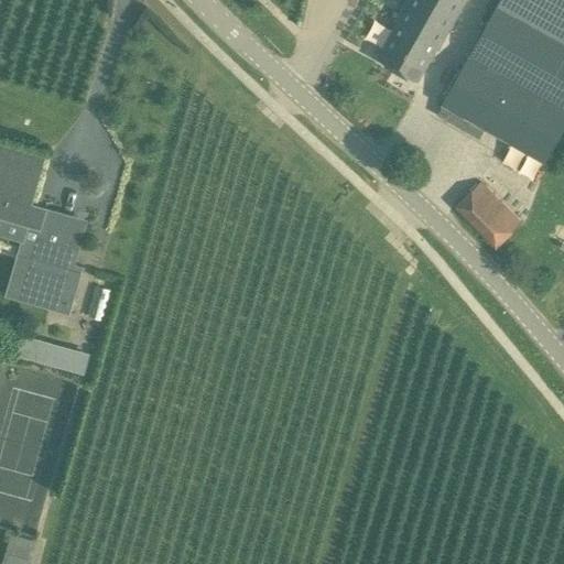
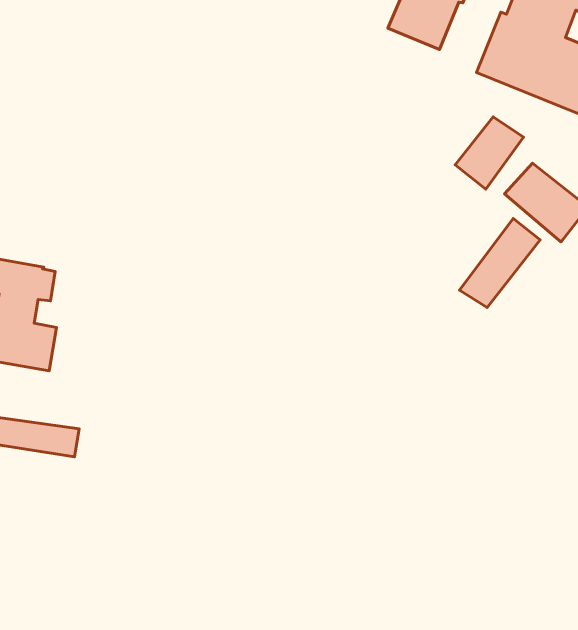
building: none -> [455,117,523,189]
building: none -> [460,219,540,307]

